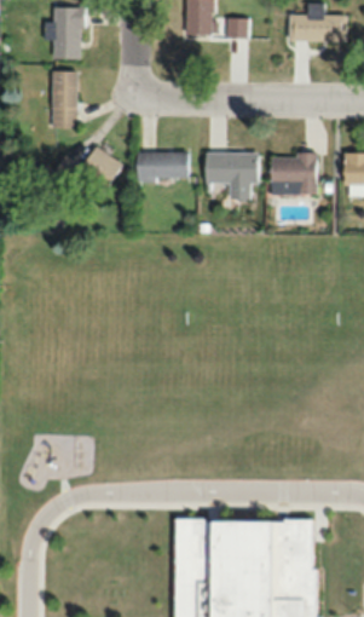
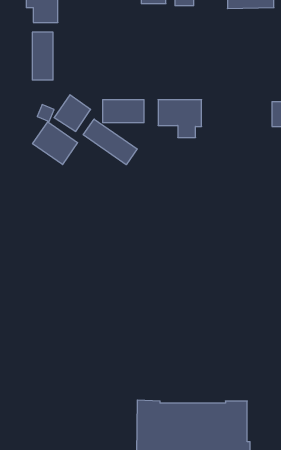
building: [271,154,317,195] -> none
building: none -> [83,119,137,165]
building: none -> [33,122,78,165]

